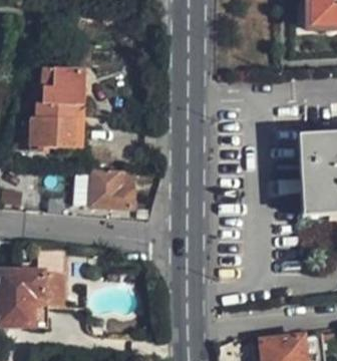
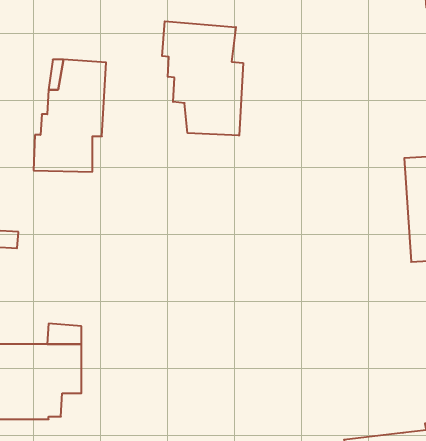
building: none -> [162,21,243,136]
building: [72,166,133,206] -> none

